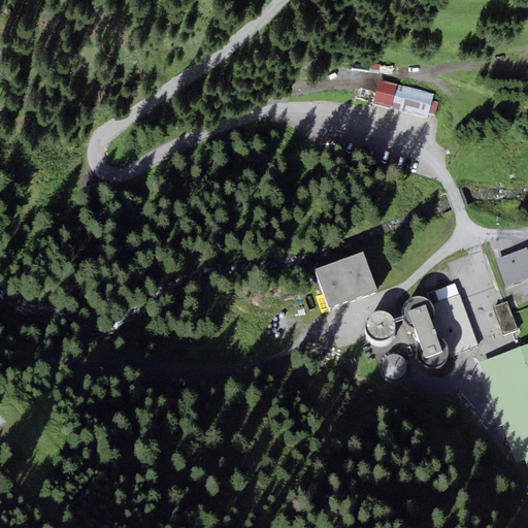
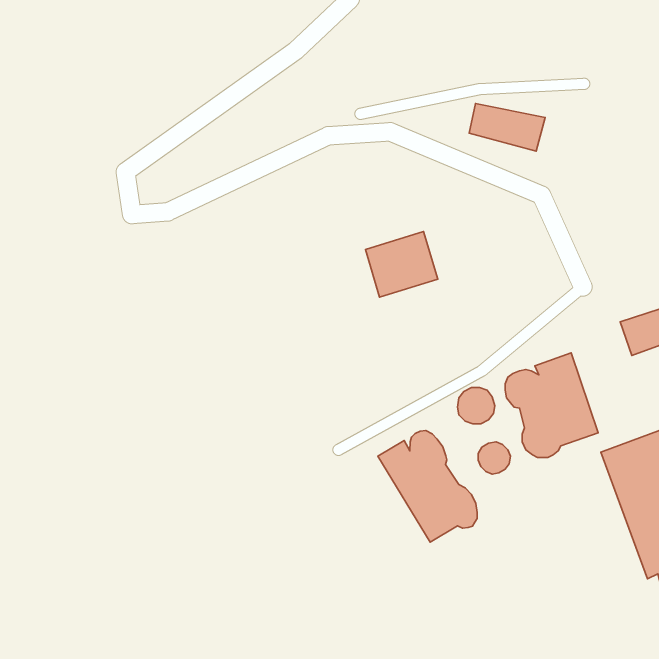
building: [319,252,376,304] -> [365,231,438,297]
building: [494,301,519,333] -> none
building: none -> [378,430,477,542]

